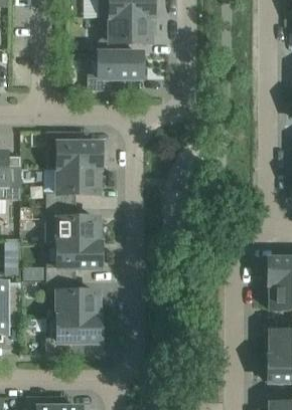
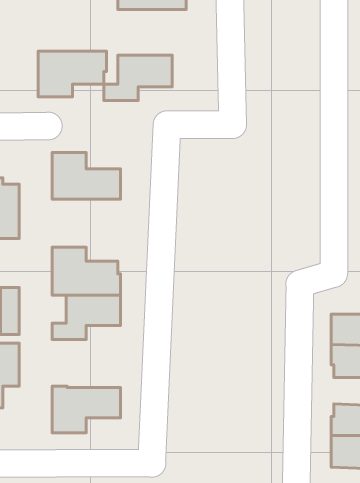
building: [98,16,152,52] -> [38,51,106,97]
building: [42,167,100,205] -> none
building: [45,278,100,317] -> none

